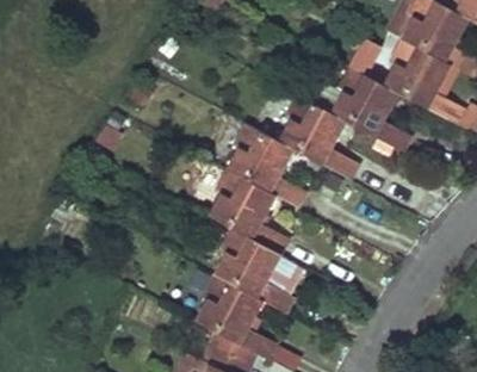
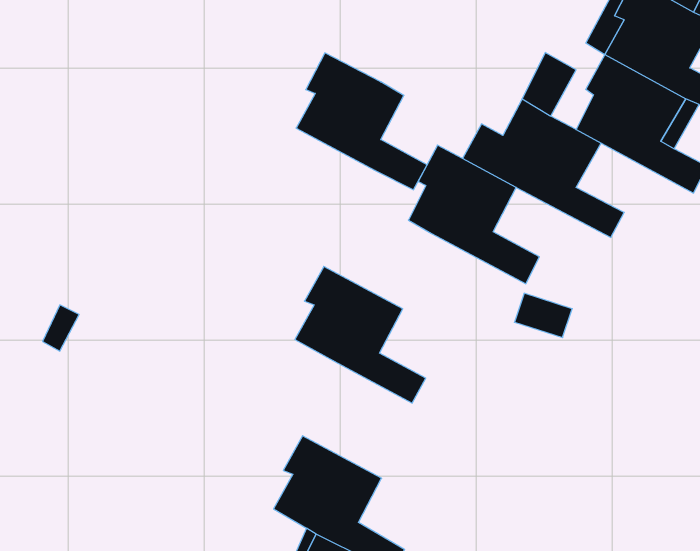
building: [227,123,308,207] -> [296,53,427,190]
building: [213,228,296,314] -> none

